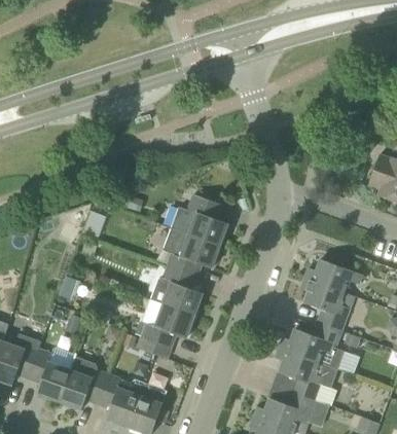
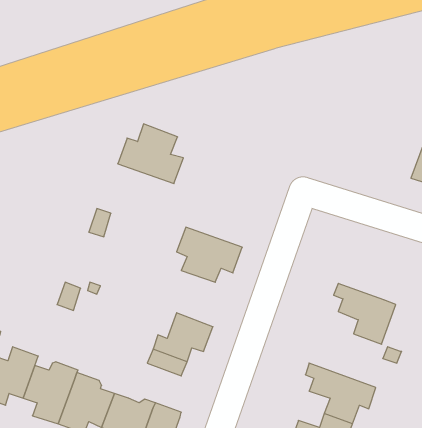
building: [171,194,228,247] -> [118,124,183,184]
building: [304,260,361,293] -> none
building: [150,267,203,317] -> none
building: [279,323,345,370] -> none

